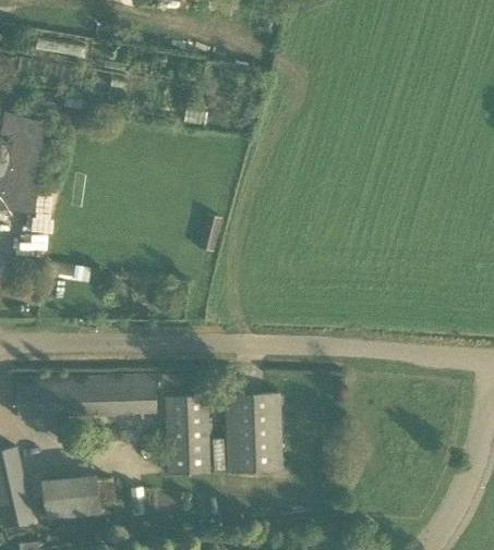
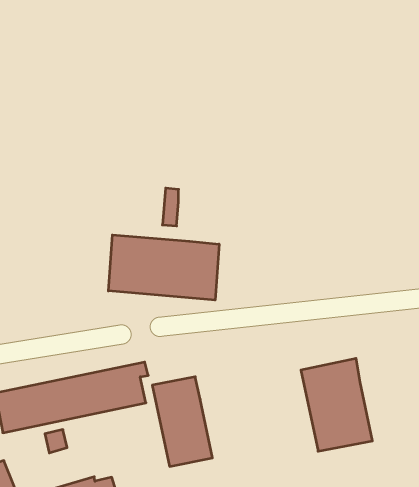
building: none -> [108,235,219,300]
building: [226,392,281,473] -> [301,358,372,451]

